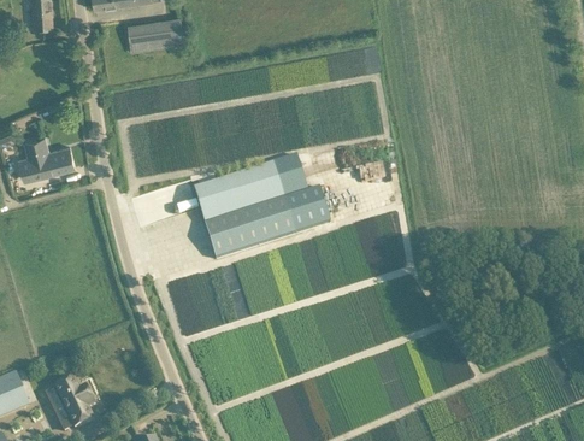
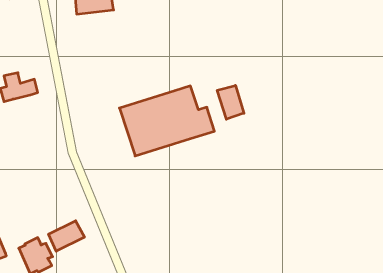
building: none -> [217,85,244,119]
building: none -> [49,221,84,251]

